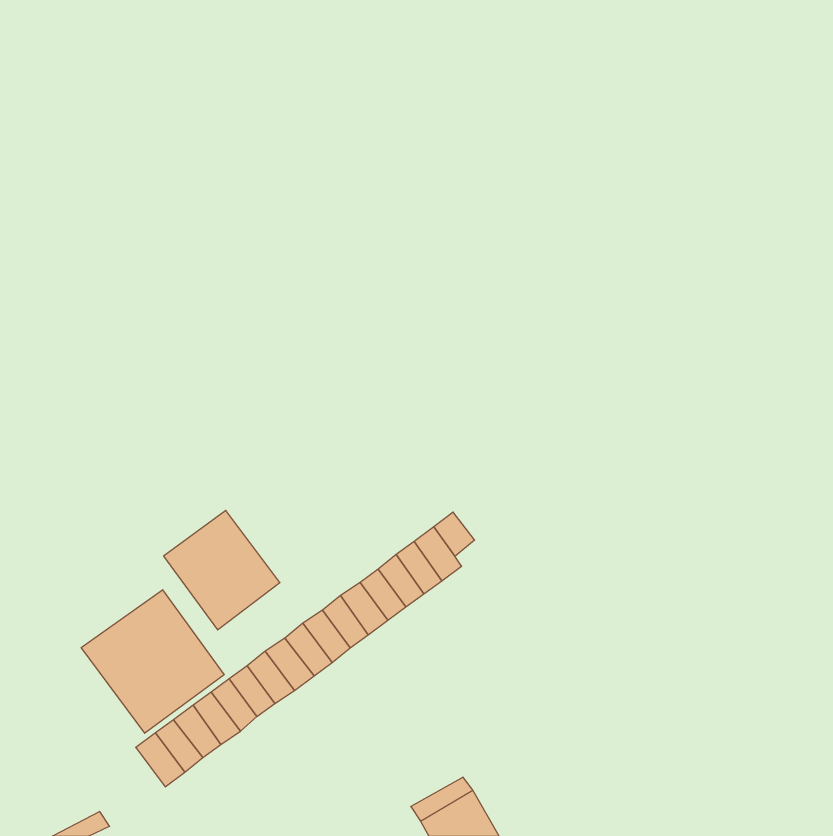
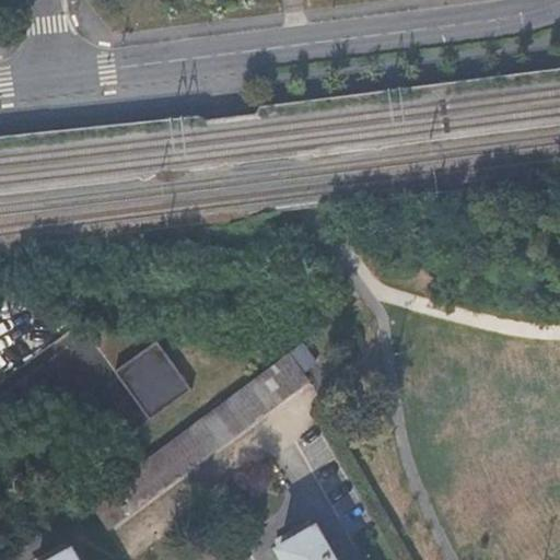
building: [81,590,224,733] -> none

